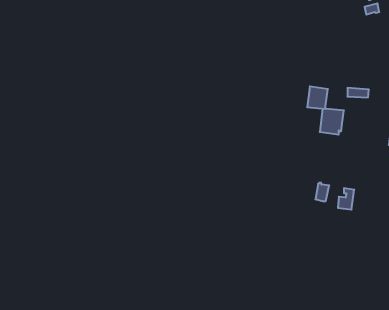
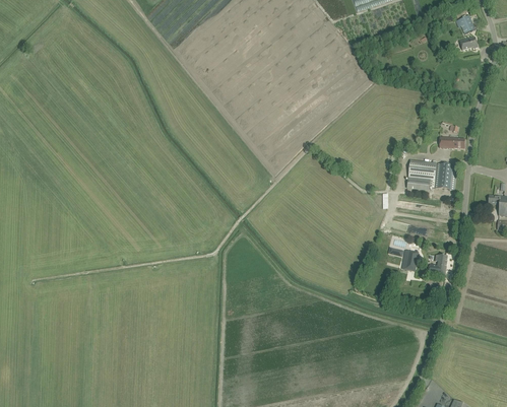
building: [307,86,328,109] -> [432,162,456,189]

